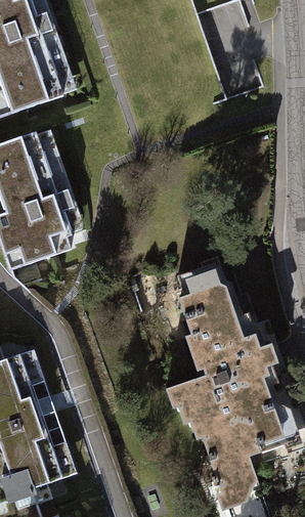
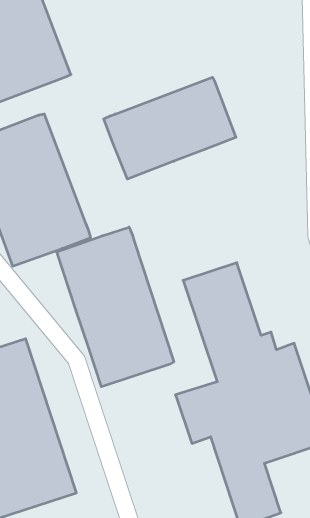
building: none -> [104,77,236,179]
building: none -> [57,227,174,387]

